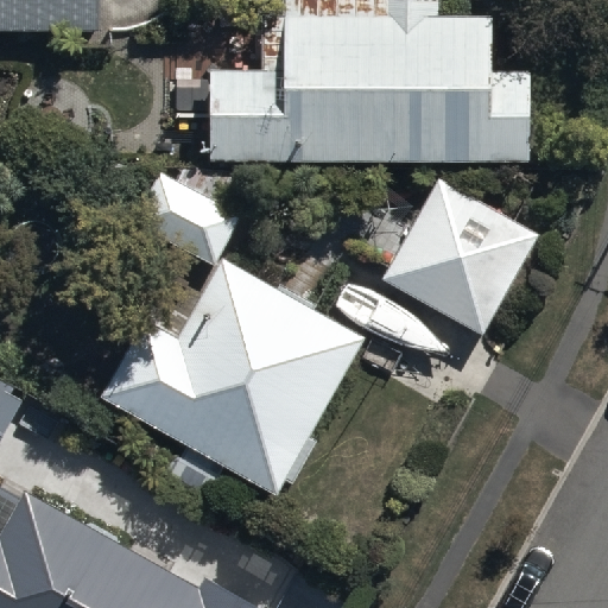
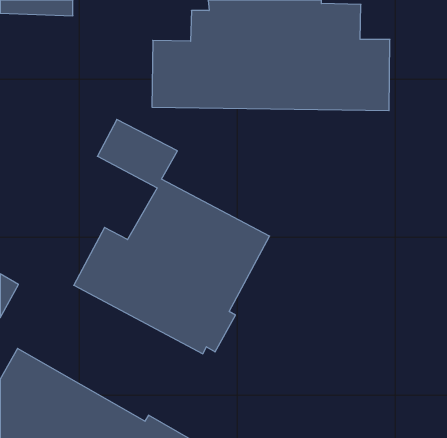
building: [378,178,532,337] -> none

